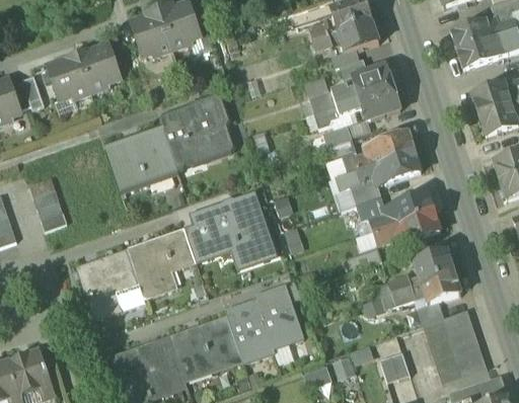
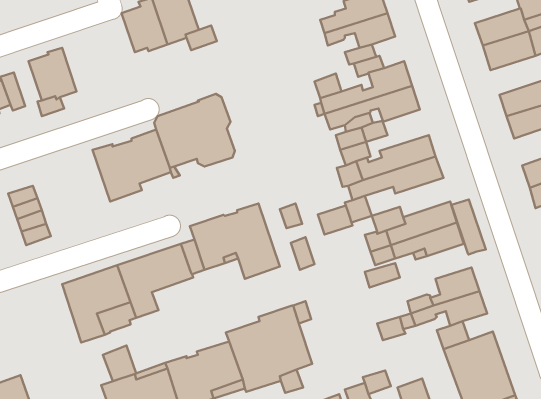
building: [77,43,121,91] -> none
building: [351,177,382,204] -> [318,205,353,235]
building: none -> [451,200,486,255]
building: none -> [103,346,136,381]

